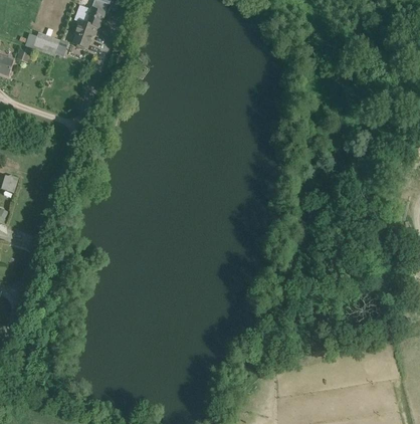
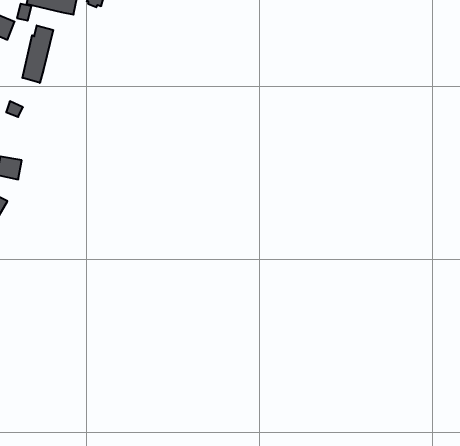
building: none -> [22,25,53,83]

